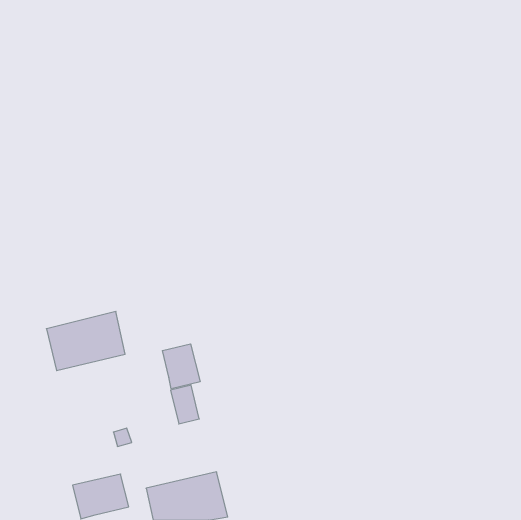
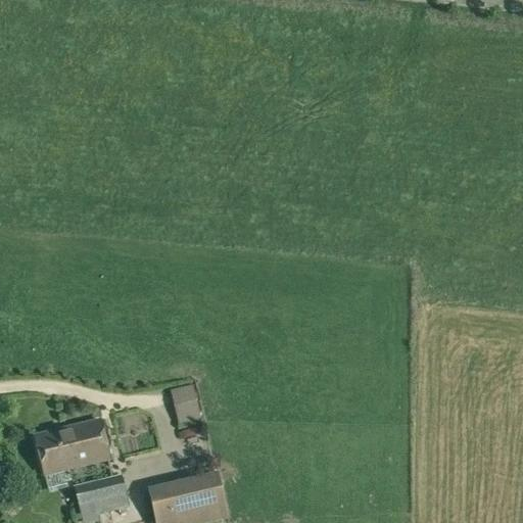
building: [46,311,125,371] -> [33,417,111,476]
building: [162,344,200,389] -> none

